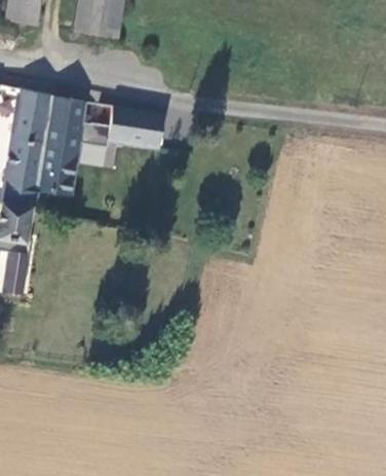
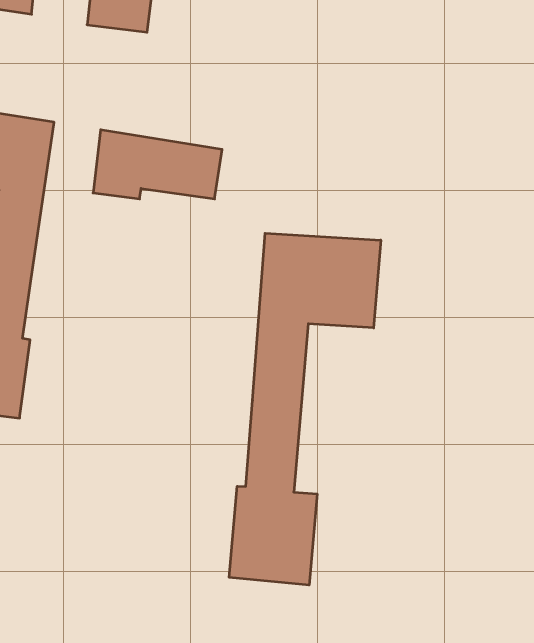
building: [34,96,80,197] -> none
building: none -> [229,233,381,585]

